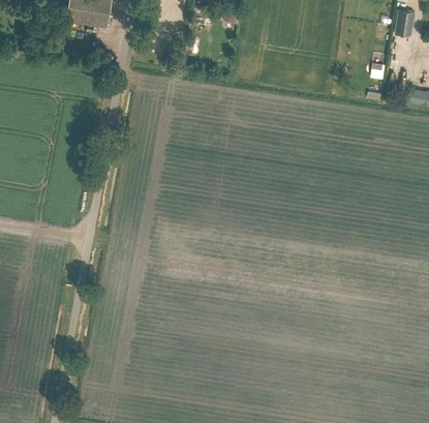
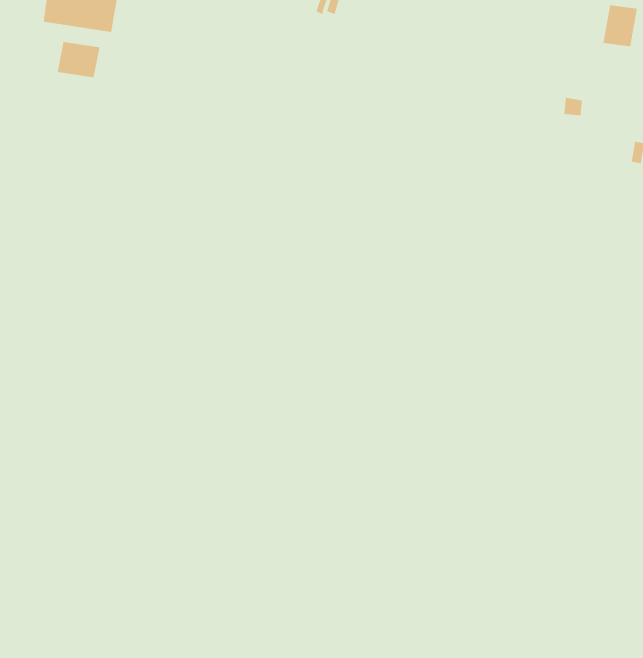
building: none -> [57,41,101,78]

